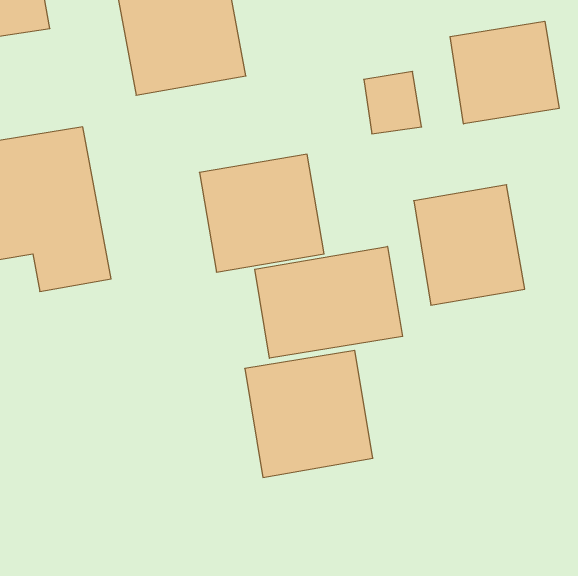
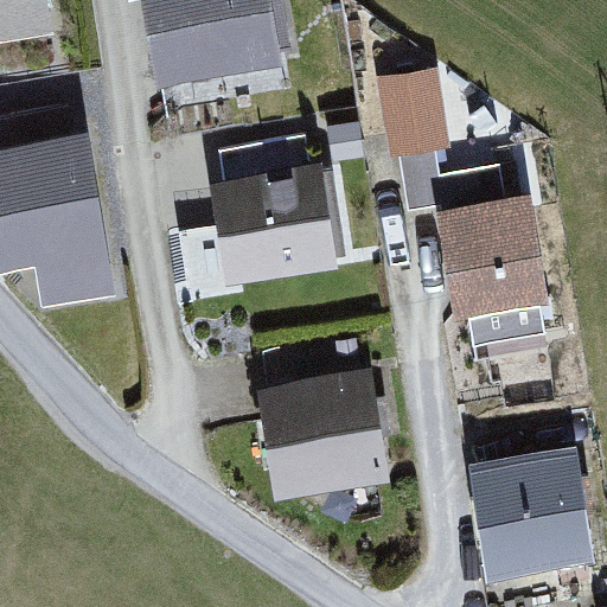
building: [450,21,559,124] -> none
building: [255,246,403,358] -> none
building: none -> [468,446,594,580]

